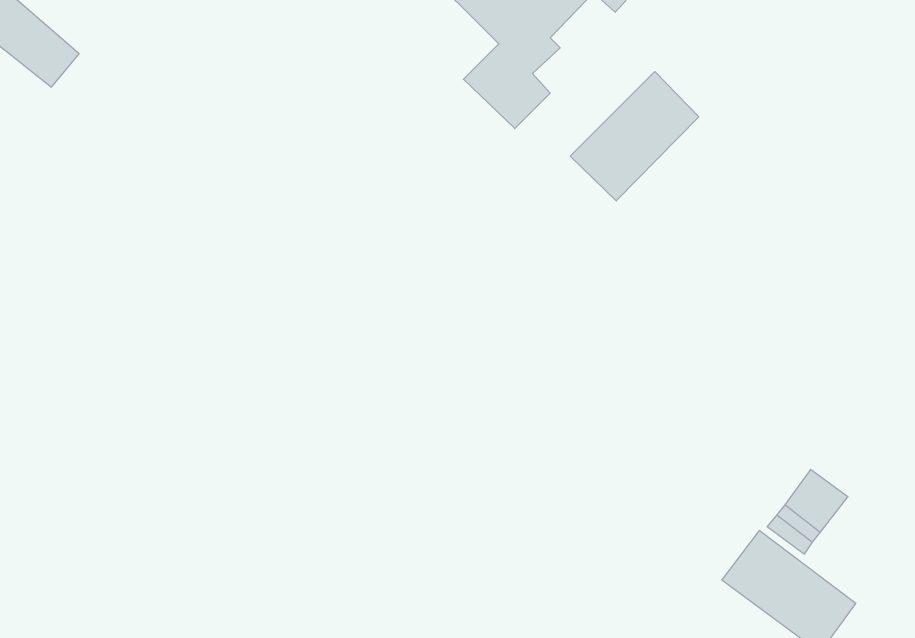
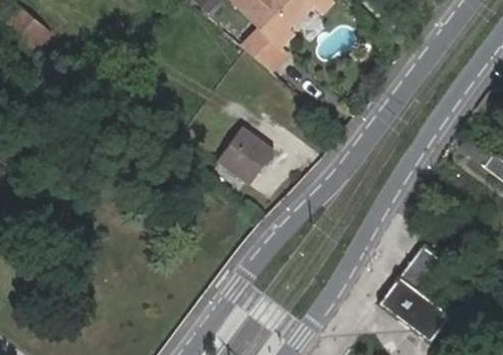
building: [570,72,699,201] -> none
building: none -> [214,125,275,185]

